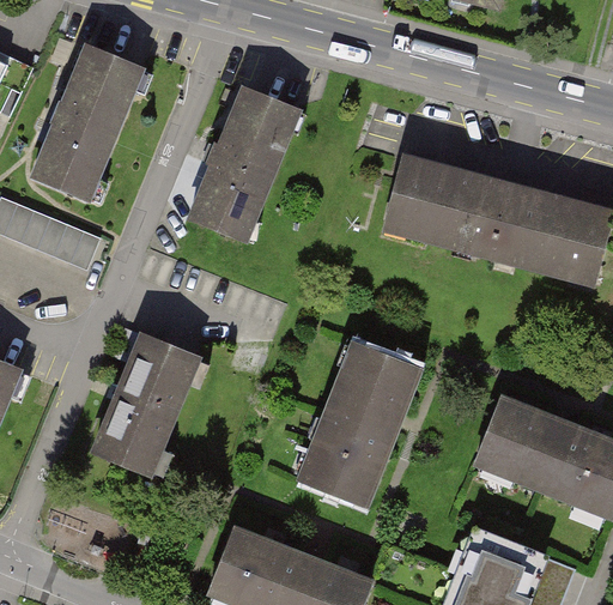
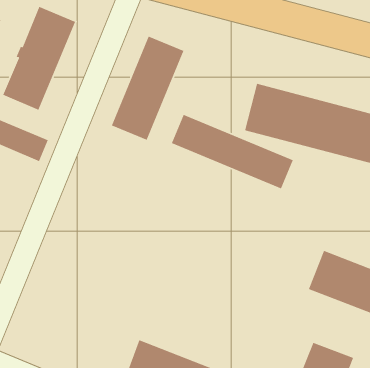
building: none -> [171,114,294,189]
building: [95,335,198,474] -> none
building: [306,344,418,503] -> none

